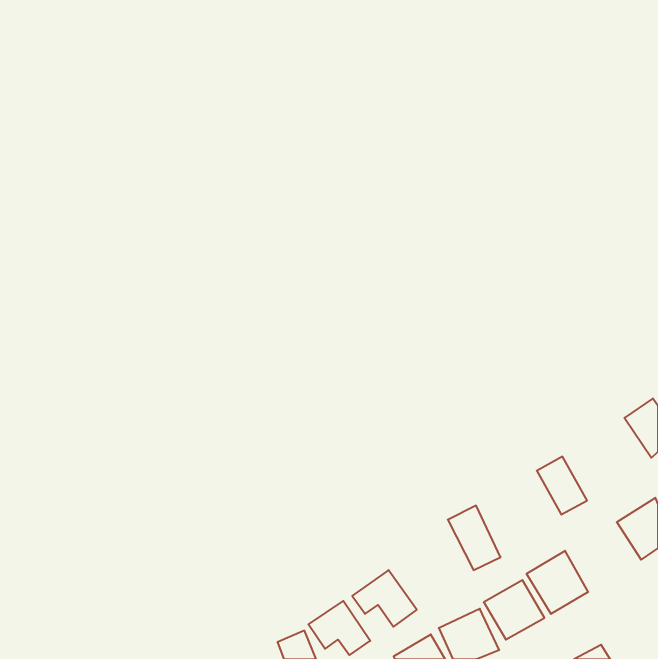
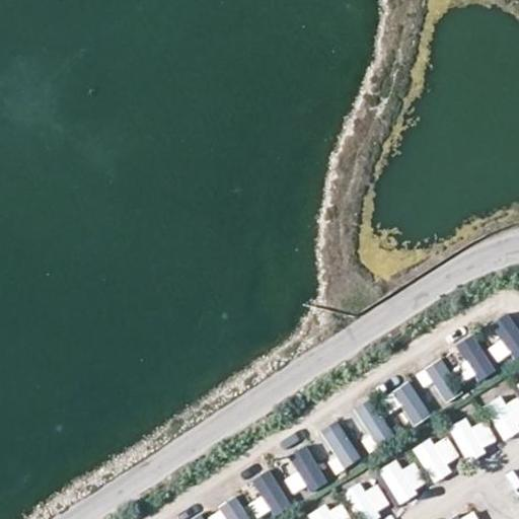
building: none -> [447,338,498,382]
building: none -> [380,381,431,426]
building: none -> [450,415,498,461]
building: none -> [319,421,360,471]

